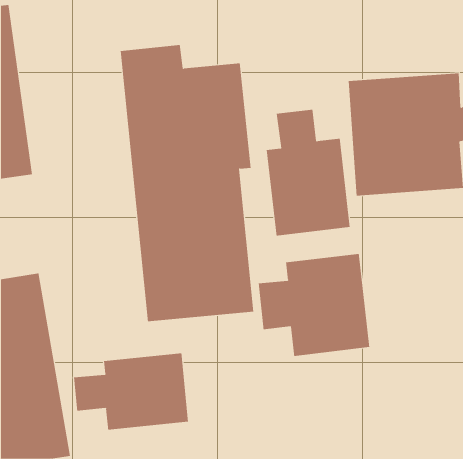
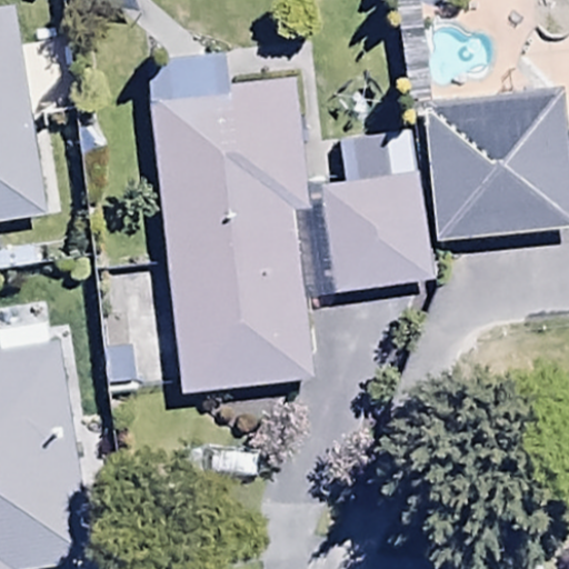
building: [258,253,370,357] -> none
building: [74,353,188,431] -> none

